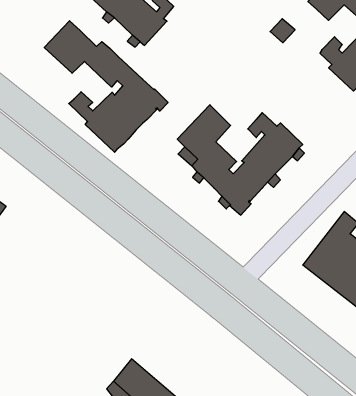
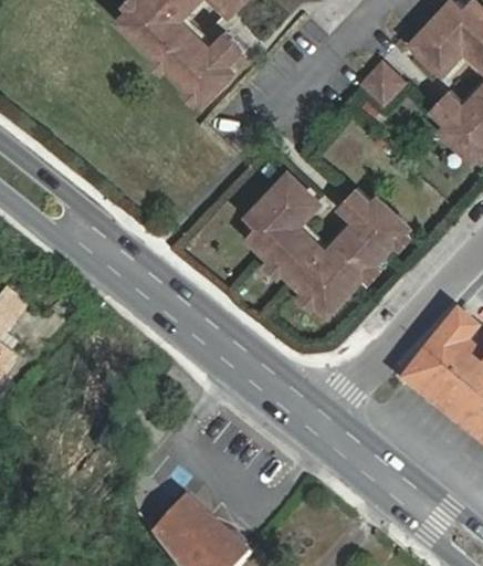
building: [44,21,168,152] -> none

